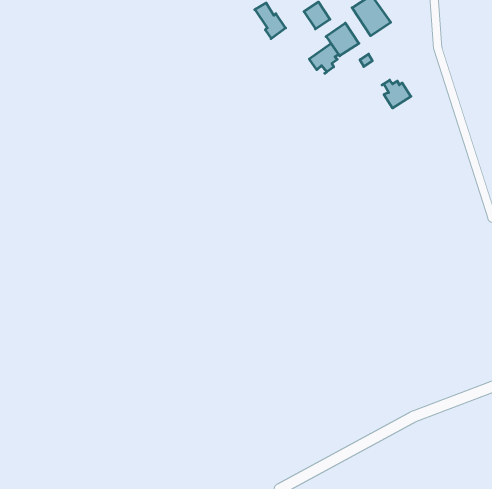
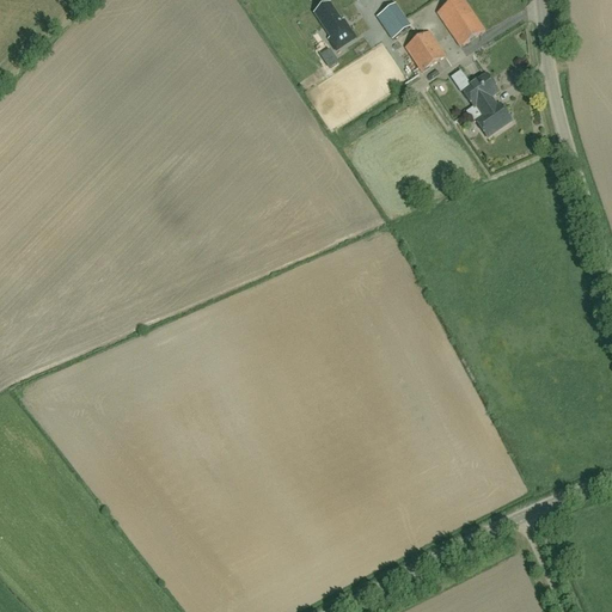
building: [309,44,339,73] -> none
building: none -> [463,73,497,105]

